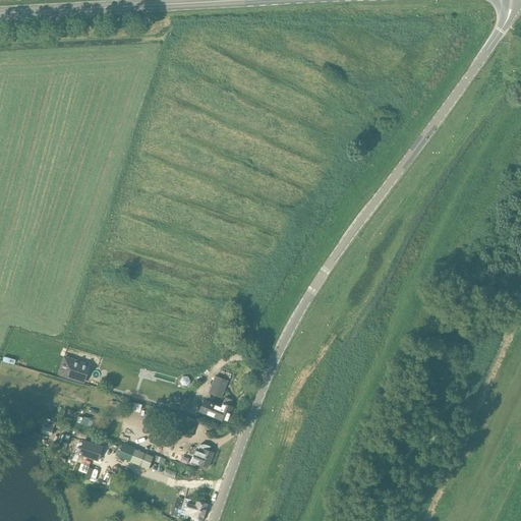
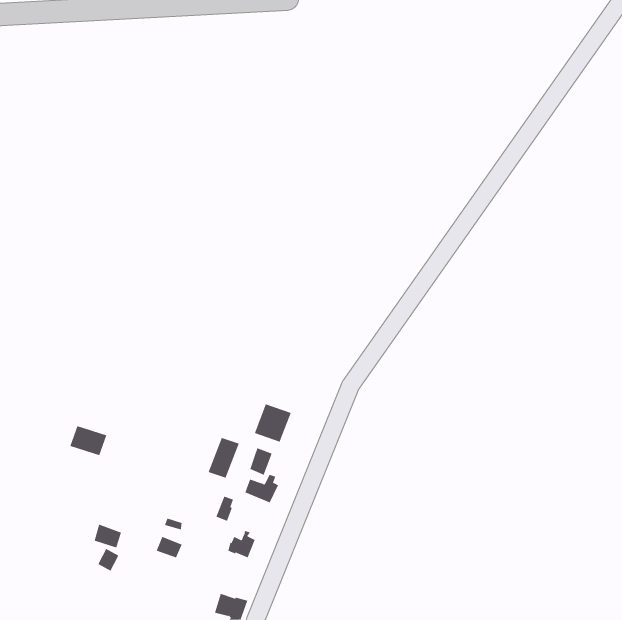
building: none -> [254,403,291,443]
building: none -> [208,437,240,479]

